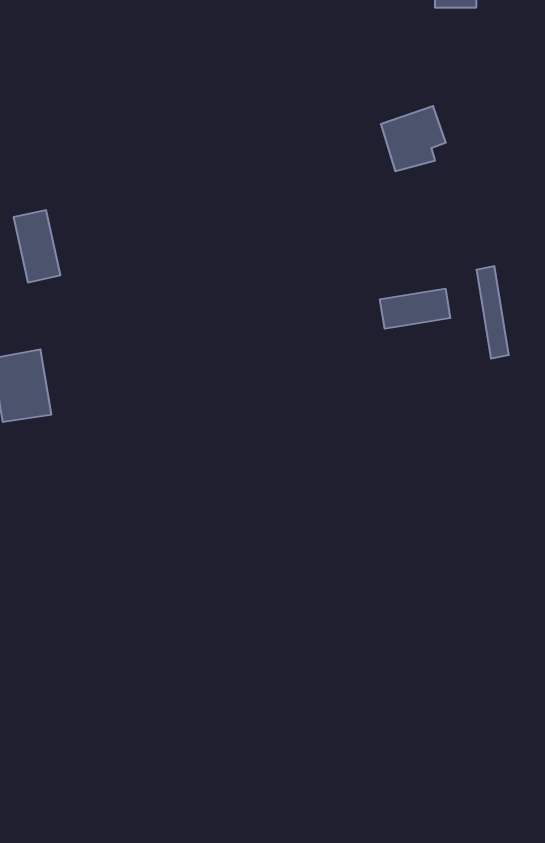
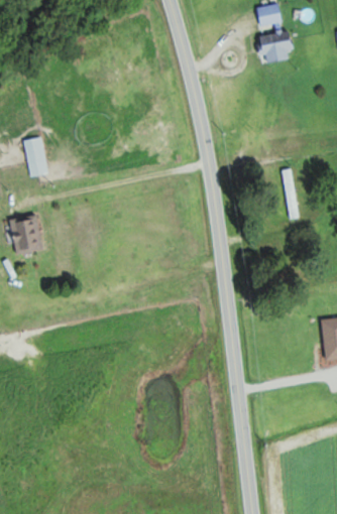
building: [381,106,446,171] -> [260,27,297,63]
building: [380,289,450,329] -> none

